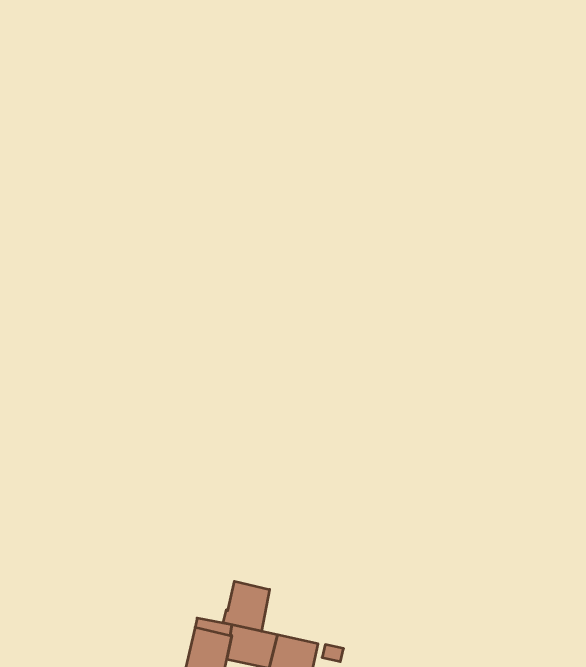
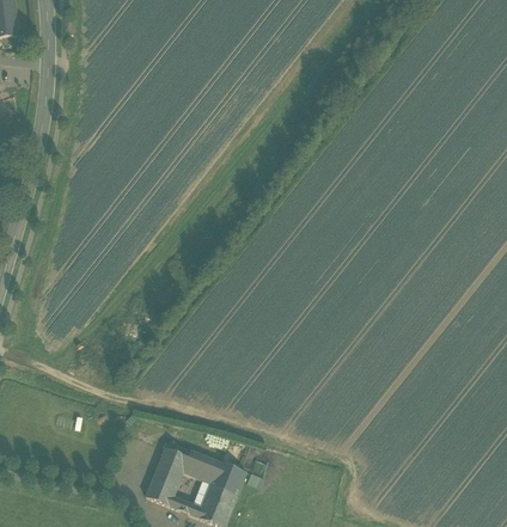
building: [223,581,270,631] -> none

